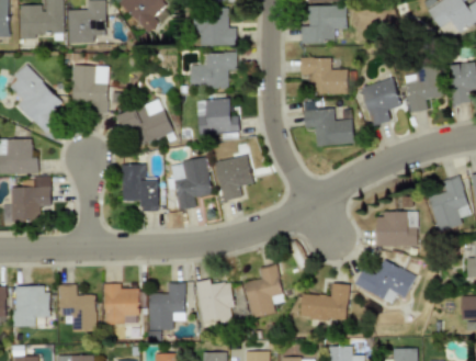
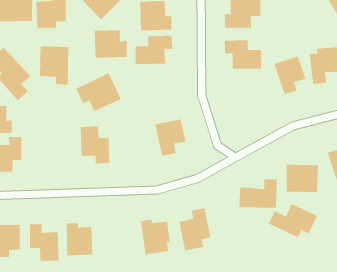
building: [196,99,238,134] -> [94,30,128,58]
building: [303,109,353,145] -> none
building: [171,158,212,210] -> none
building: [149,282,184,329] -> none
building: [301,283,349,319] -> [239,179,278,208]

